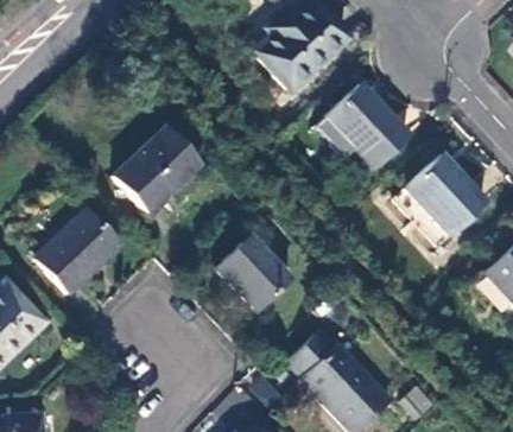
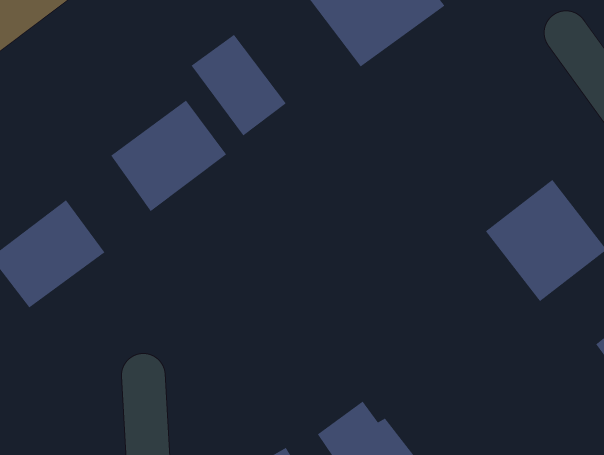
building: none -> [191,34,287,136]
building: [315,83,410,178] -> none
building: [216,235,291,309] -> none

